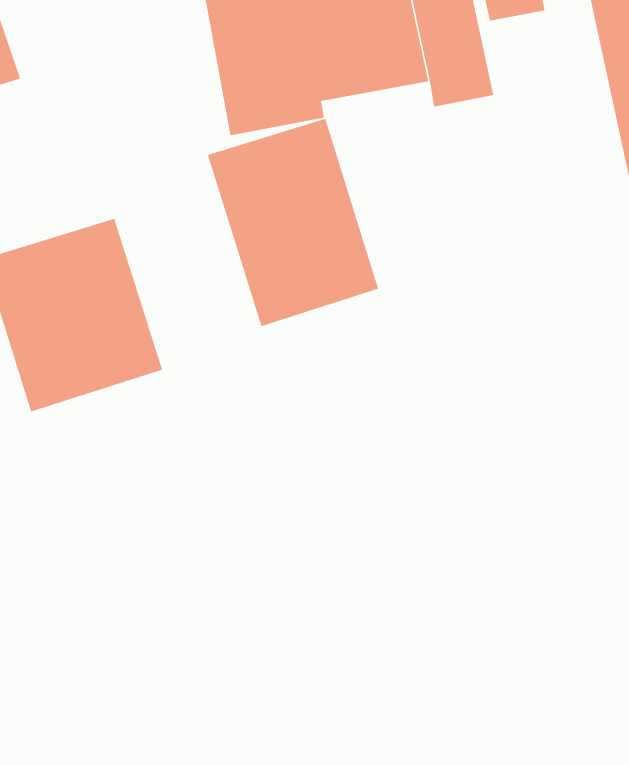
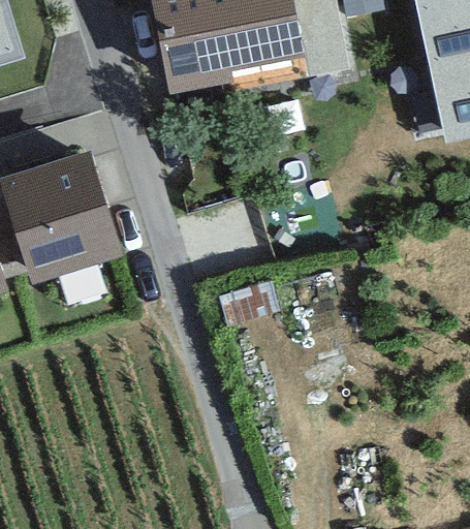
building: [207,118,379,327] -> none

